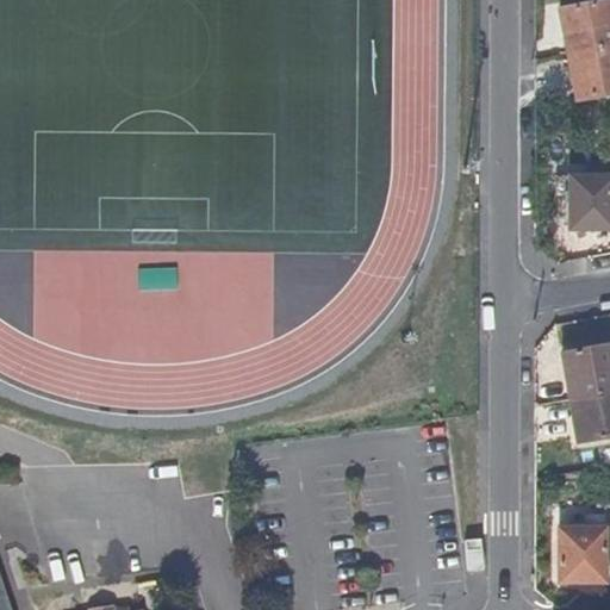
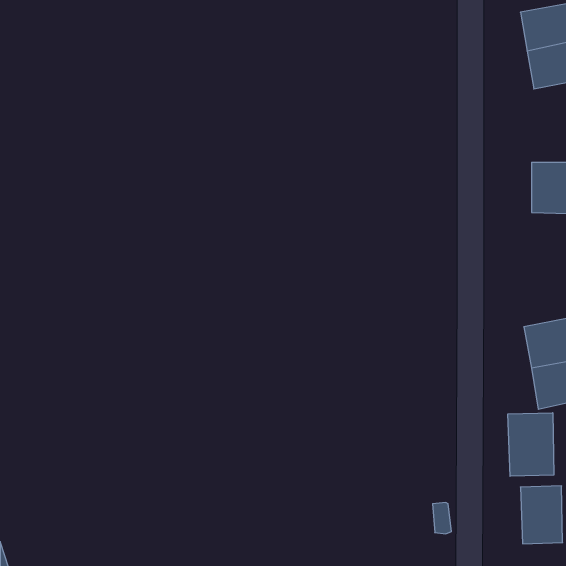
building: none -> [508,413,554,476]

